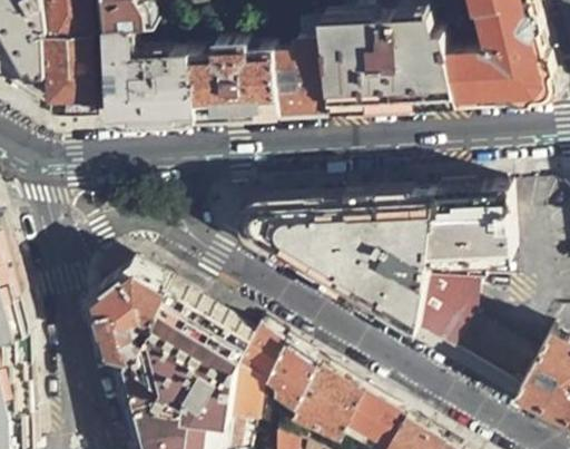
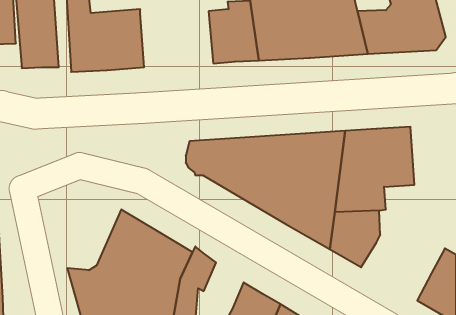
building: [188,43,274,117] -> none
building: [87,264,166,355] -> none
building: [448,323,530,391] -> none
building: [263,346,309,401] -> none

